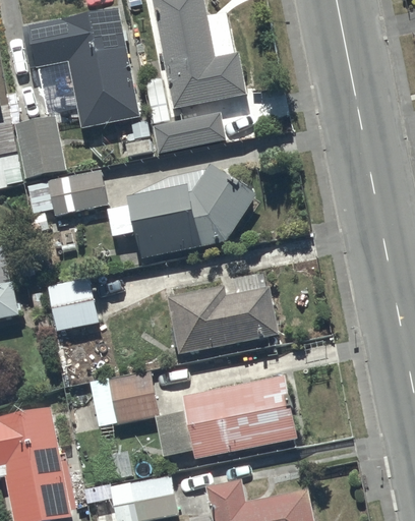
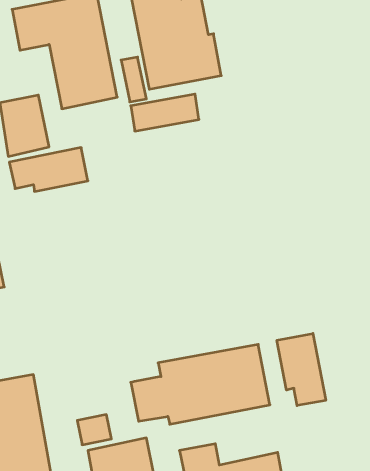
building: [105,164,256,259] -> none
building: [166,273,277,353] -> none
building: [46,276,97,331] -> none
building: none -> [277,333,326,406]
building: [87,369,157,426] -> none

